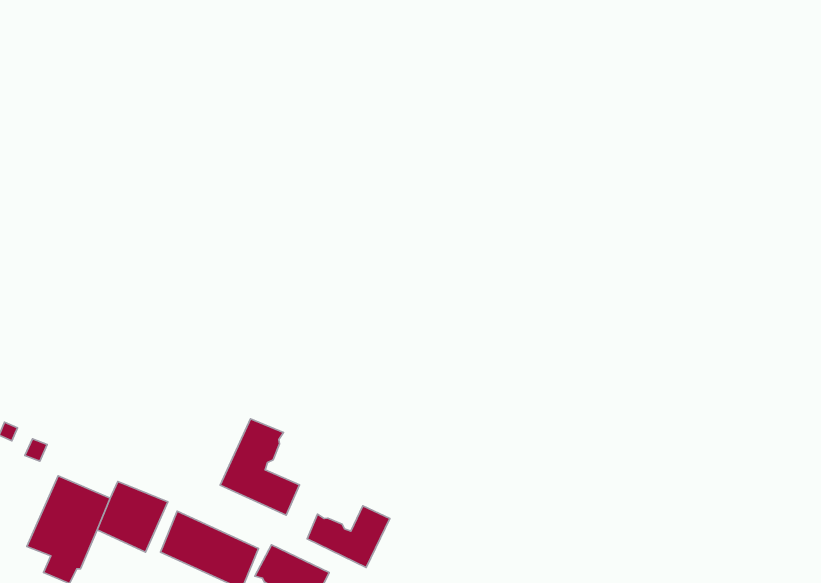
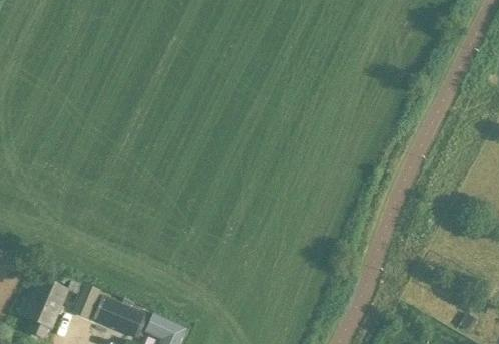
building: [220,419,300,515] -> none
building: [307,506,390,568] -> none

